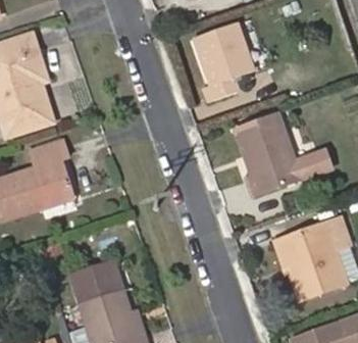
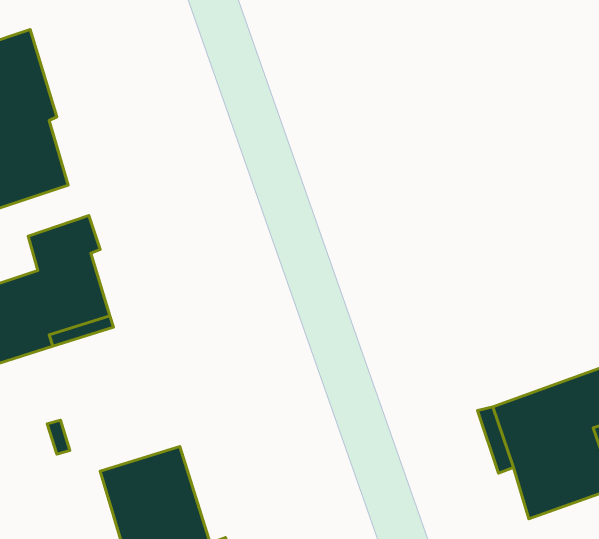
building: [196,29,255,103] -> none
building: [239,114,329,197] -> none

